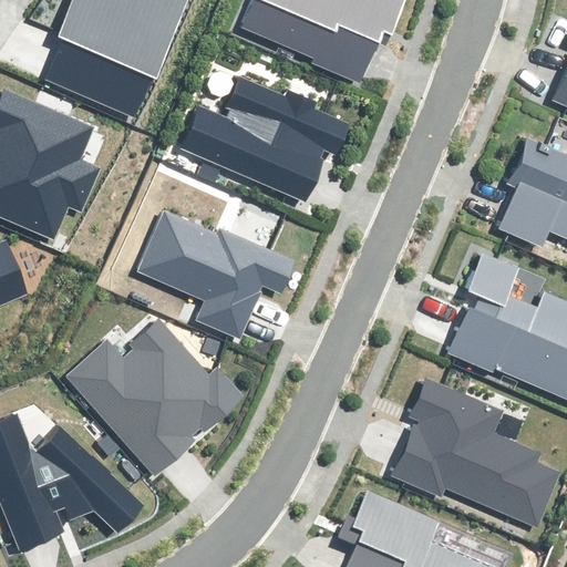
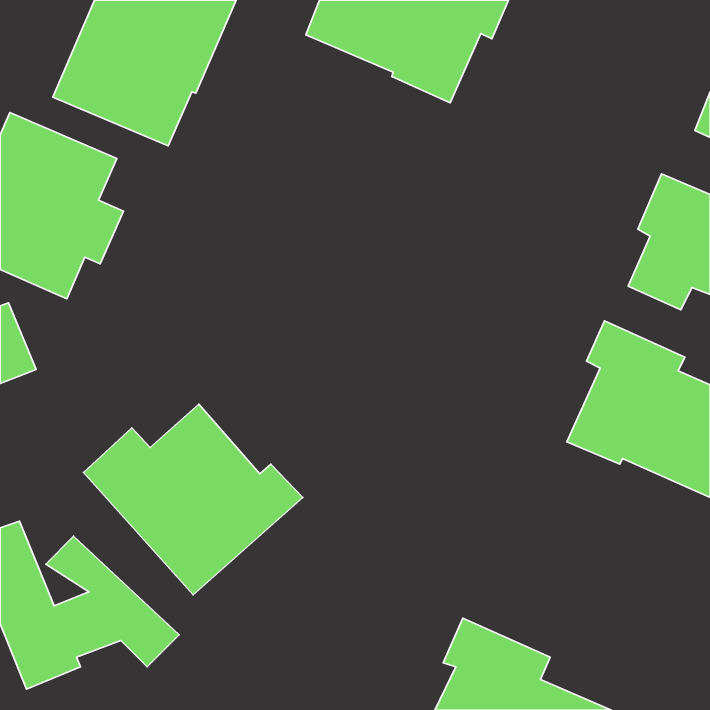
building: [183,78,348,202] -> none
building: [138,213,293,338] -> none
building: [394,380,560,527] -> none

